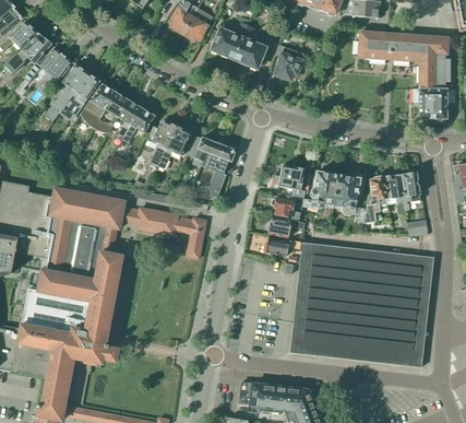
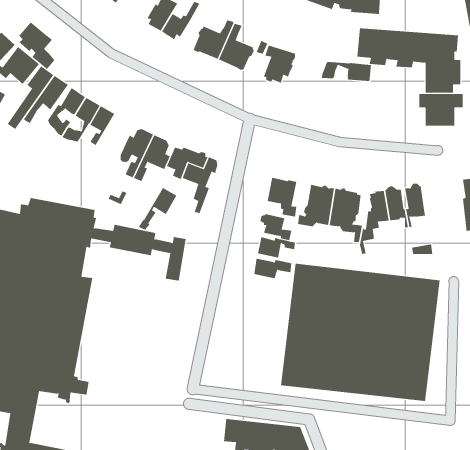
building: none -> [18,22,55,69]
building: none -> [321,61,372,82]
building: [119,107,154,146] -> [138,187,177,231]

